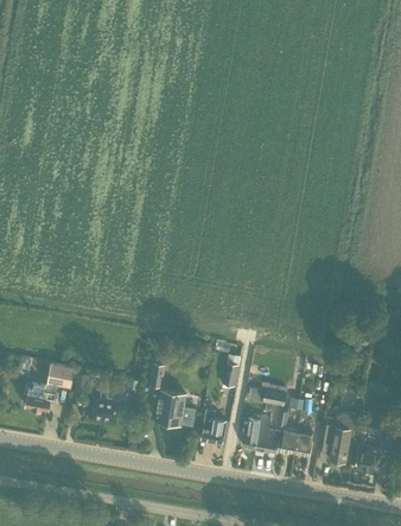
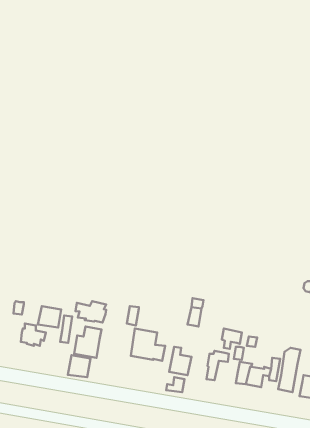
building: none -> [75,301,106,323]
building: none -> [68,355,90,377]
building: [254,427,280,455] -> none

